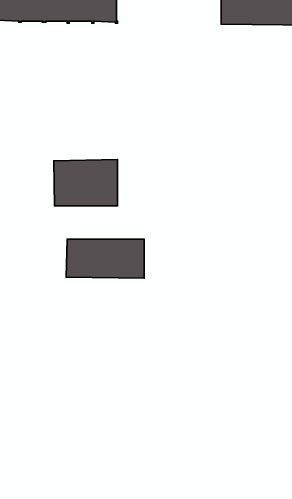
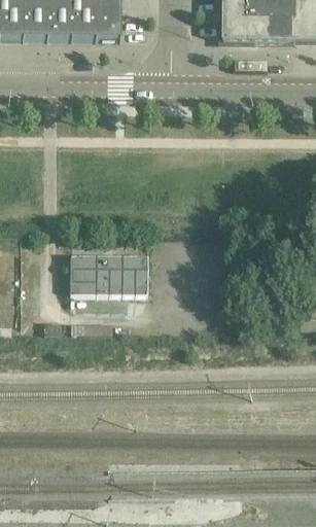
building: [54,160,118,206] -> none

